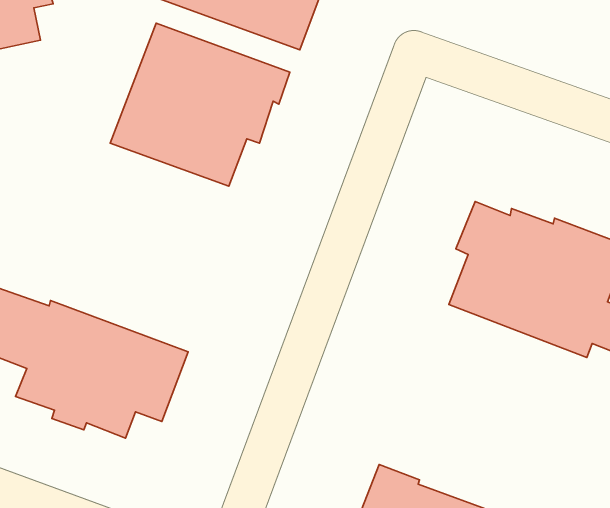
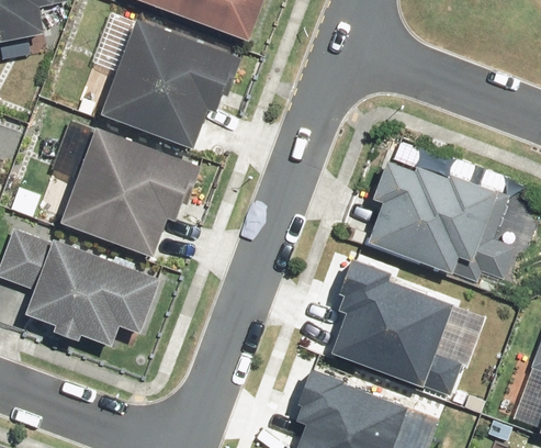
building: none -> [60,127,202,257]
building: none -> [331,258,460,397]

